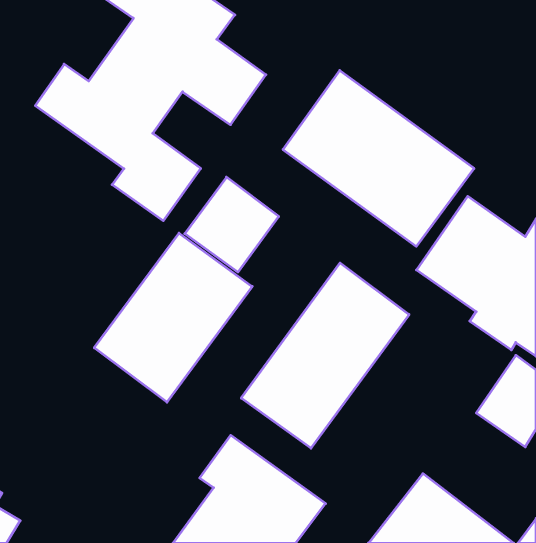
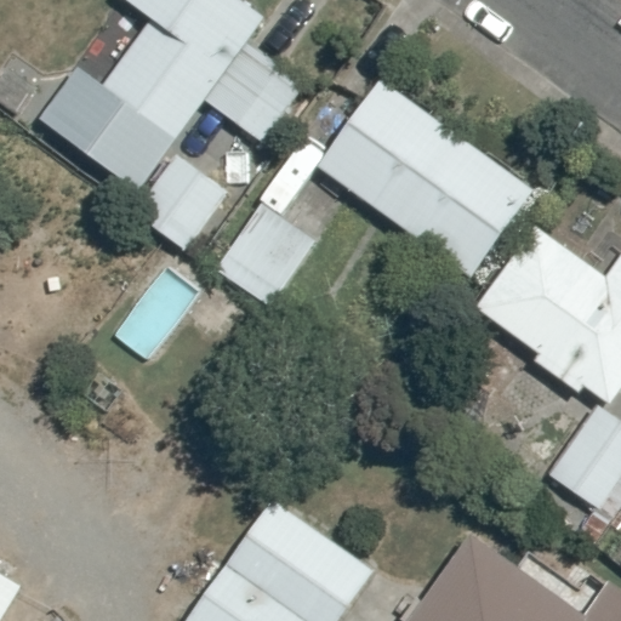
building: [94,233,252,402] -> none
building: [241,263,409,448] -> none

